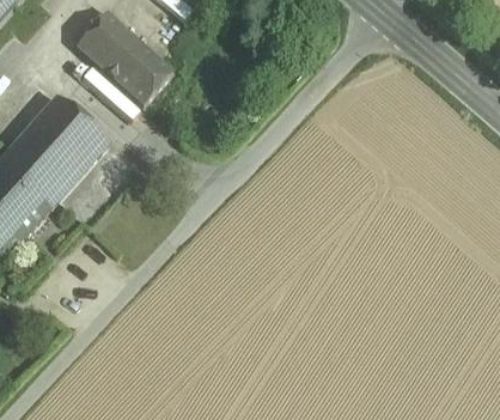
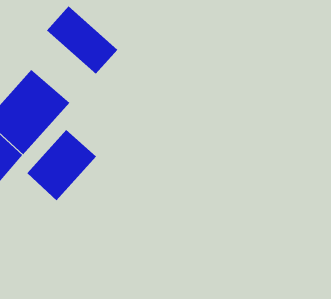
building: none -> [27,129,97,201]

